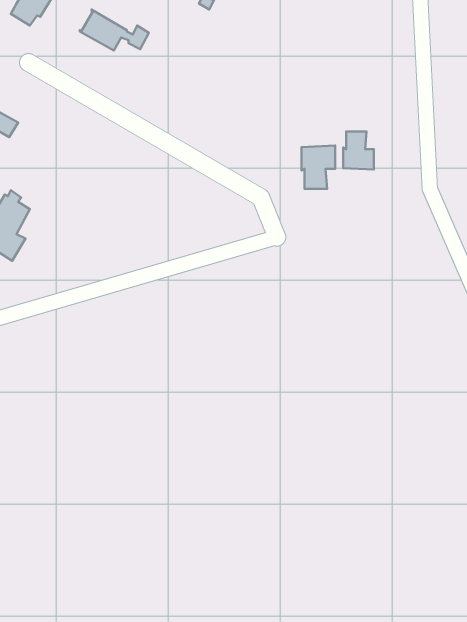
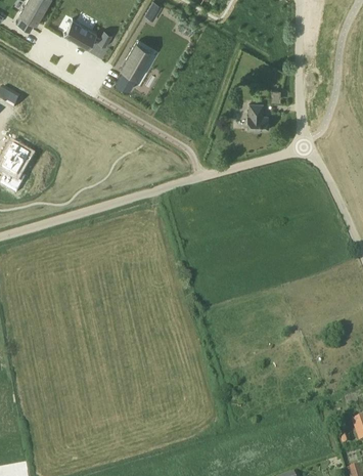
building: none -> [116,45,149,88]
building: [301,146,335,189] -> none

